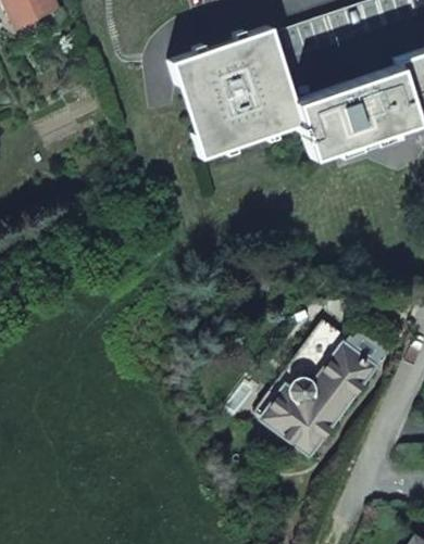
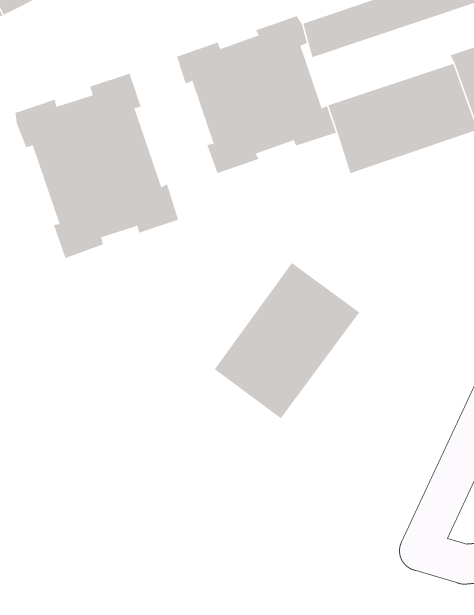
building: none -> [15,73,179,259]
building: [255,327,376,456] -> [214,262,360,419]

